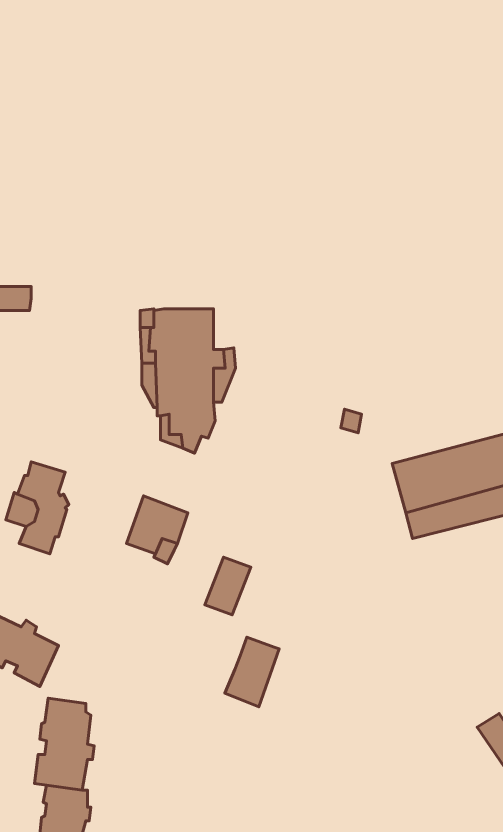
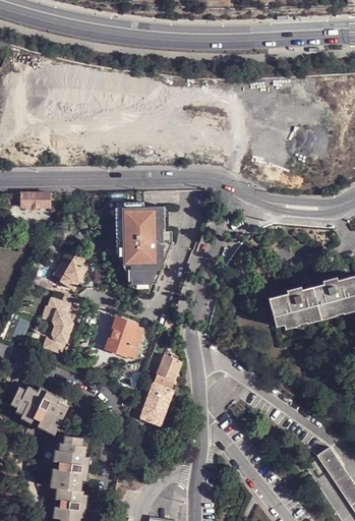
building: none -> [59,251,86,287]
building: [225,637,279,707] -> [140,382,173,423]

